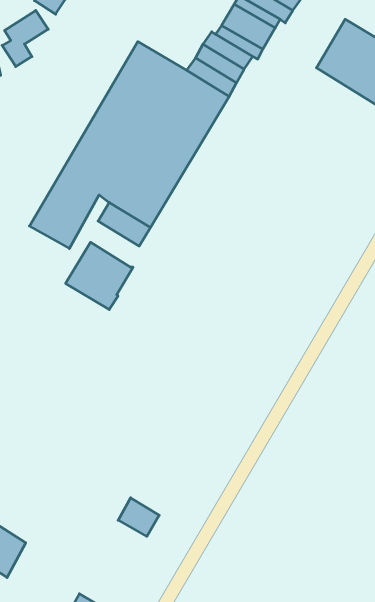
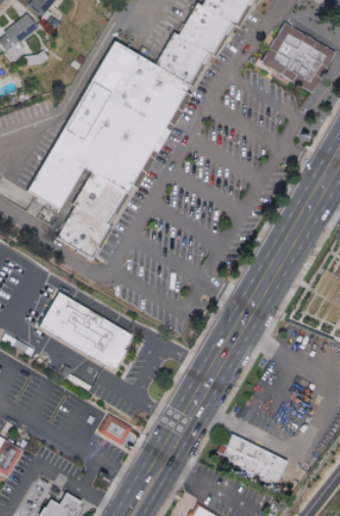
building: none -> [72,188,115,225]
building: none -> [38,291,131,368]
building: none -> [223,432,288,486]

